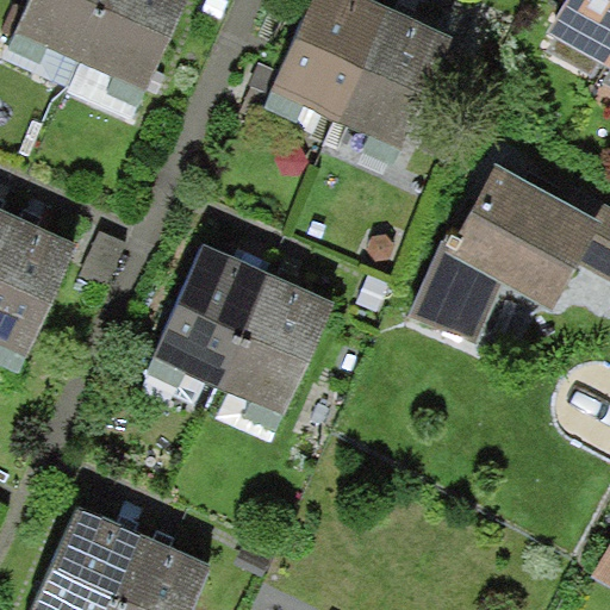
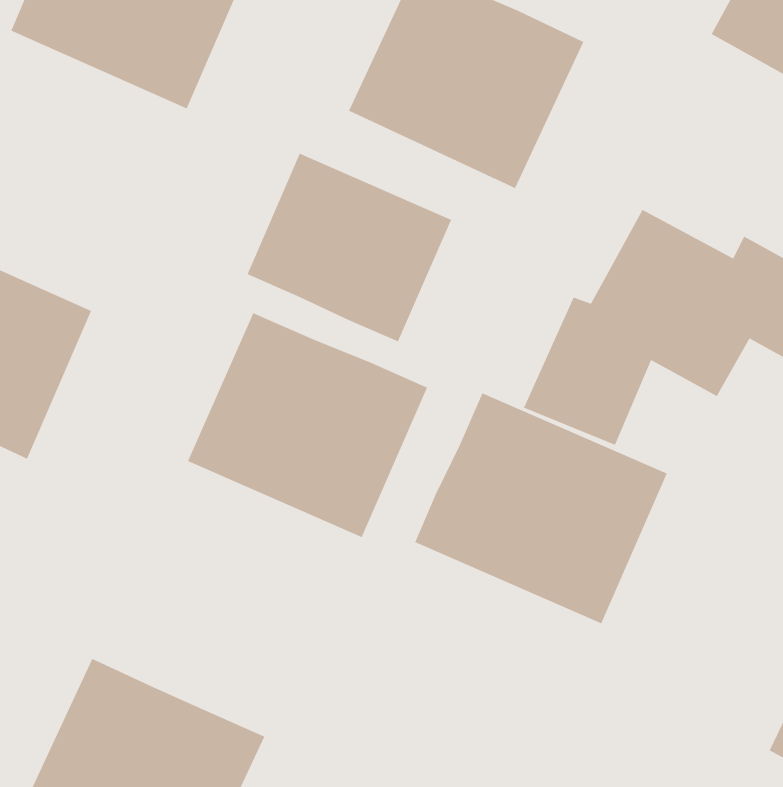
building: none -> [247,153,452,342]
building: none -> [415,393,668,624]

